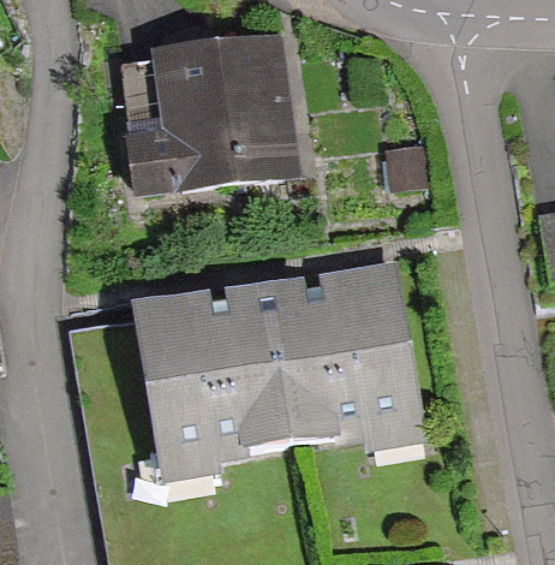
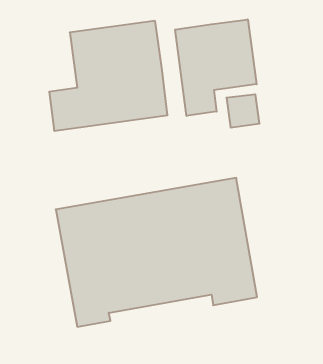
building: none -> [175,19,257,116]

